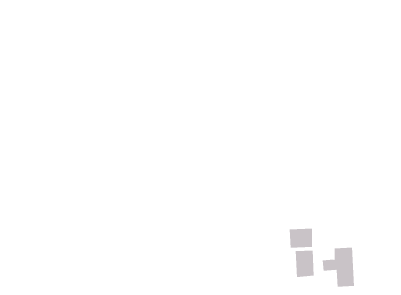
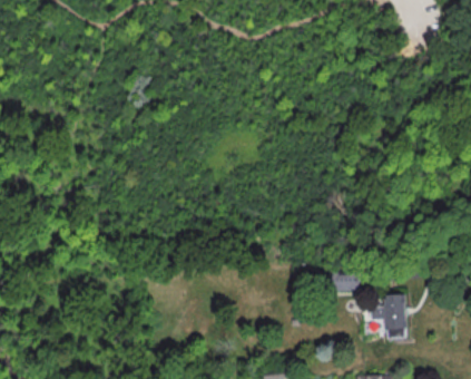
building: [295,250,314,278] -> none

